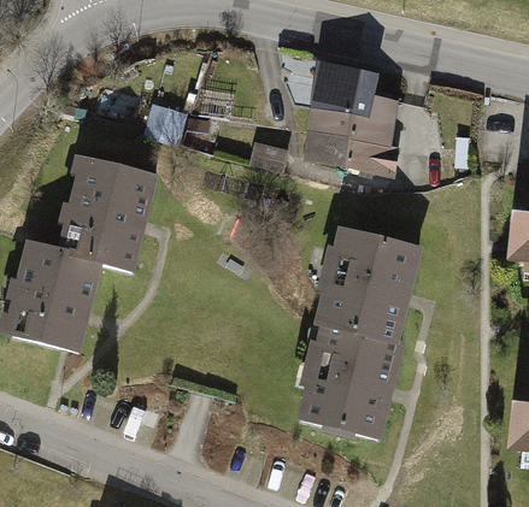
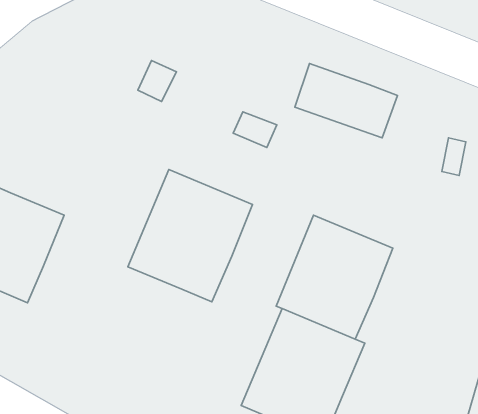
building: [312,64,376,98] -> none
building: [299,130,400,176] -> none
building: [49,155,158,273] -> [128,170,253,302]

